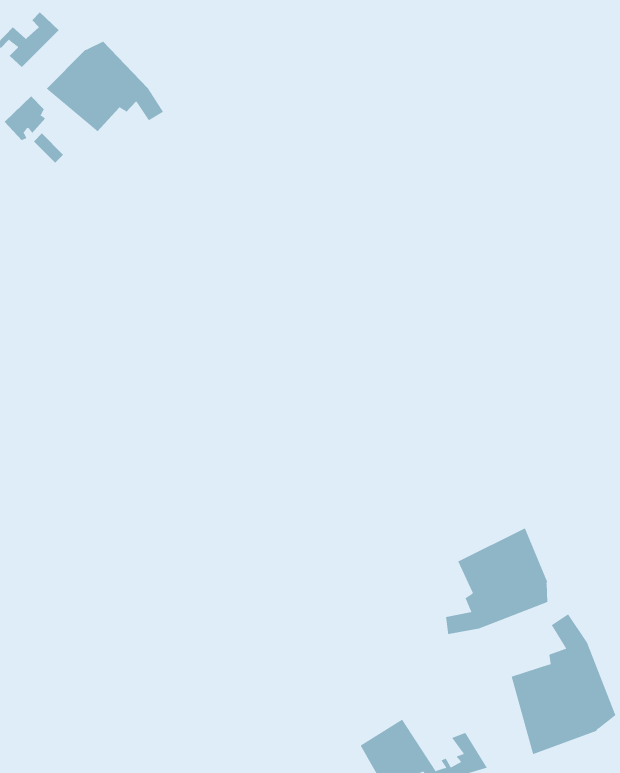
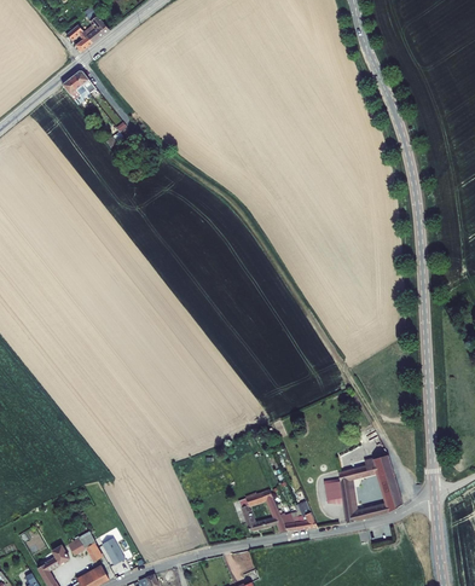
building: [46,41,164,132] -> none
building: [446,527,548,635] -> none

